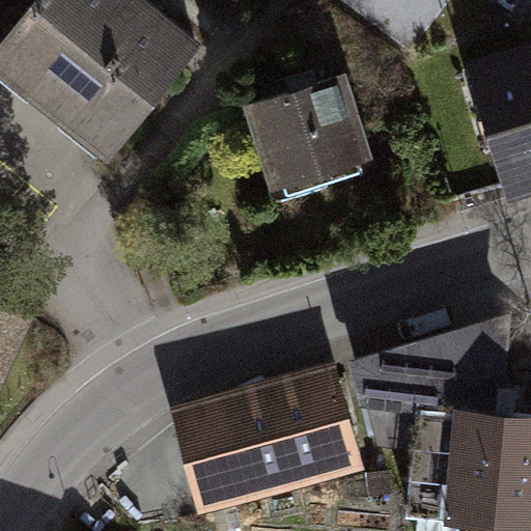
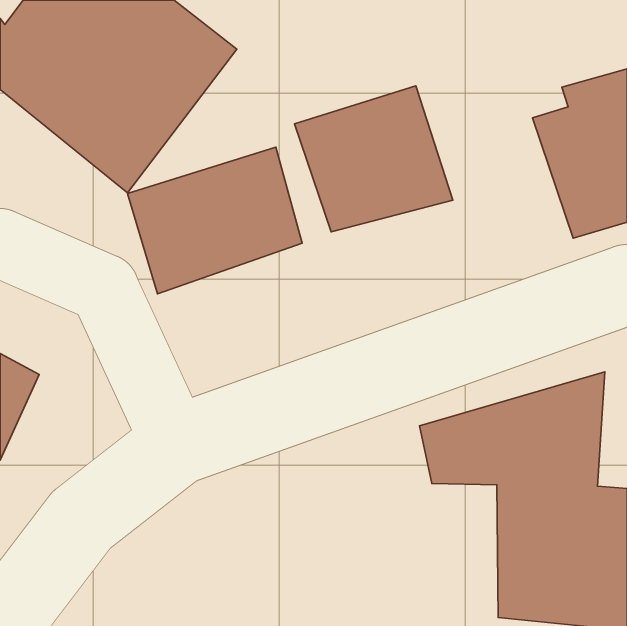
building: none -> [127,147,302,294]
building: [168,358,366,515] -> none

